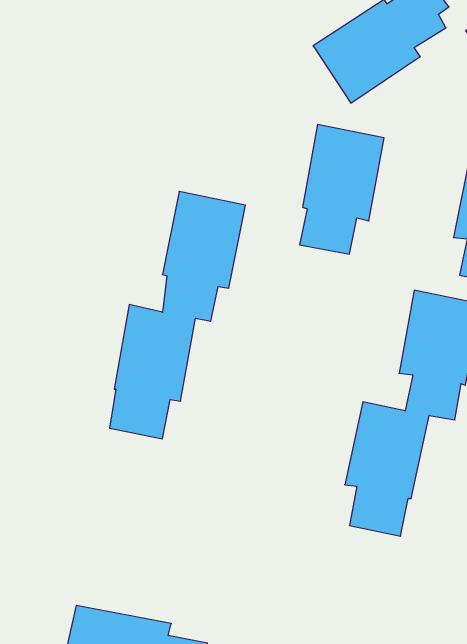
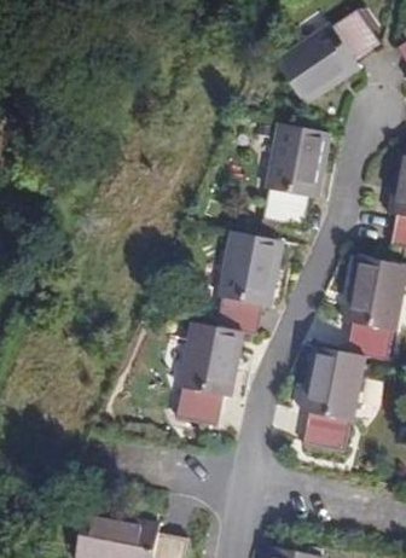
building: [110,192,245,439] -> [175,229,284,428]

